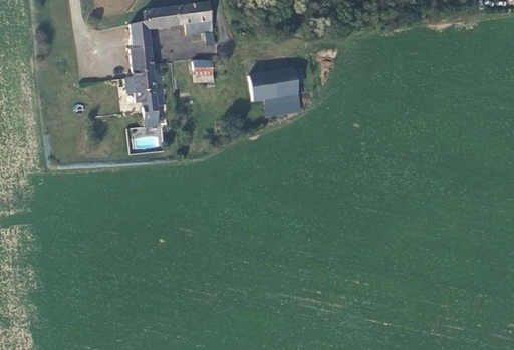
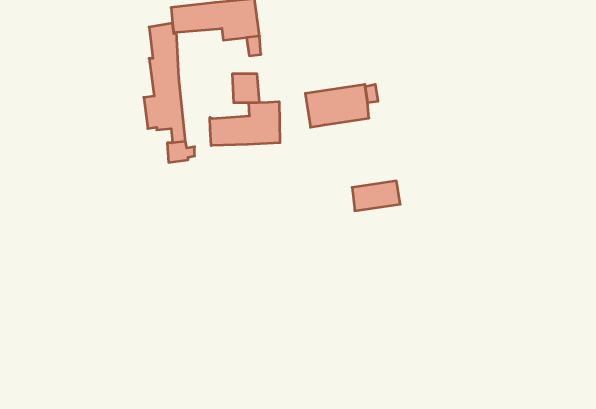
building: none -> [210,102,280,146]
building: [265,94,302,117] -> [352,181,400,211]

